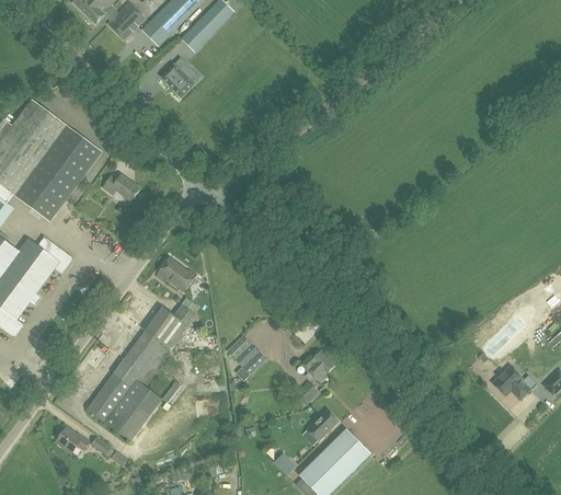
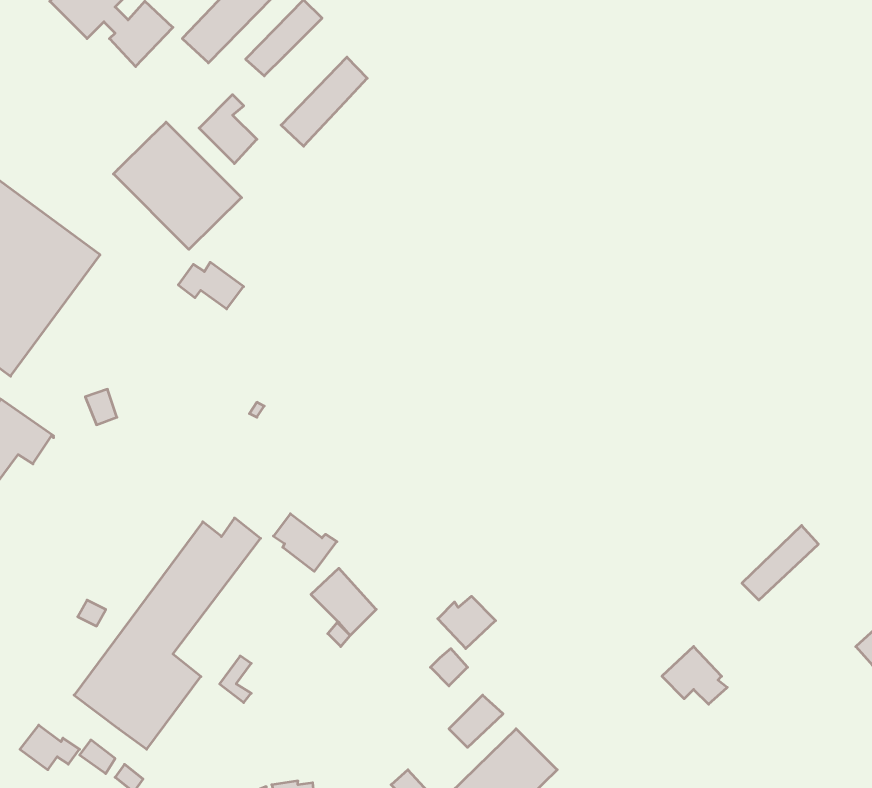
building: none -> [281,57,367,146]
building: none -> [113,122,242,249]
building: [102,173,140,200] -> [178,262,244,309]
building: [159,257,196,291] -> [273,514,337,571]
building: [492,365,530,399] -> [662,646,727,704]

